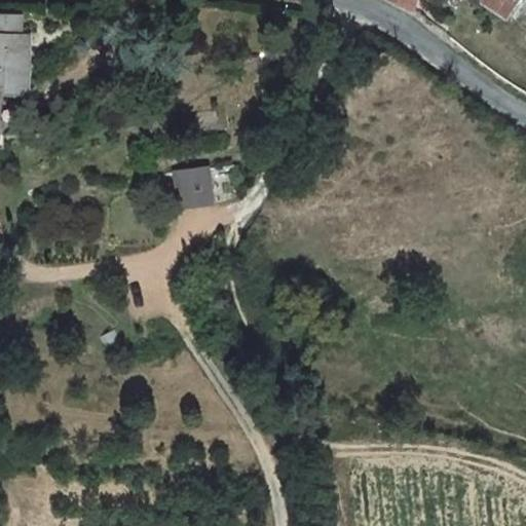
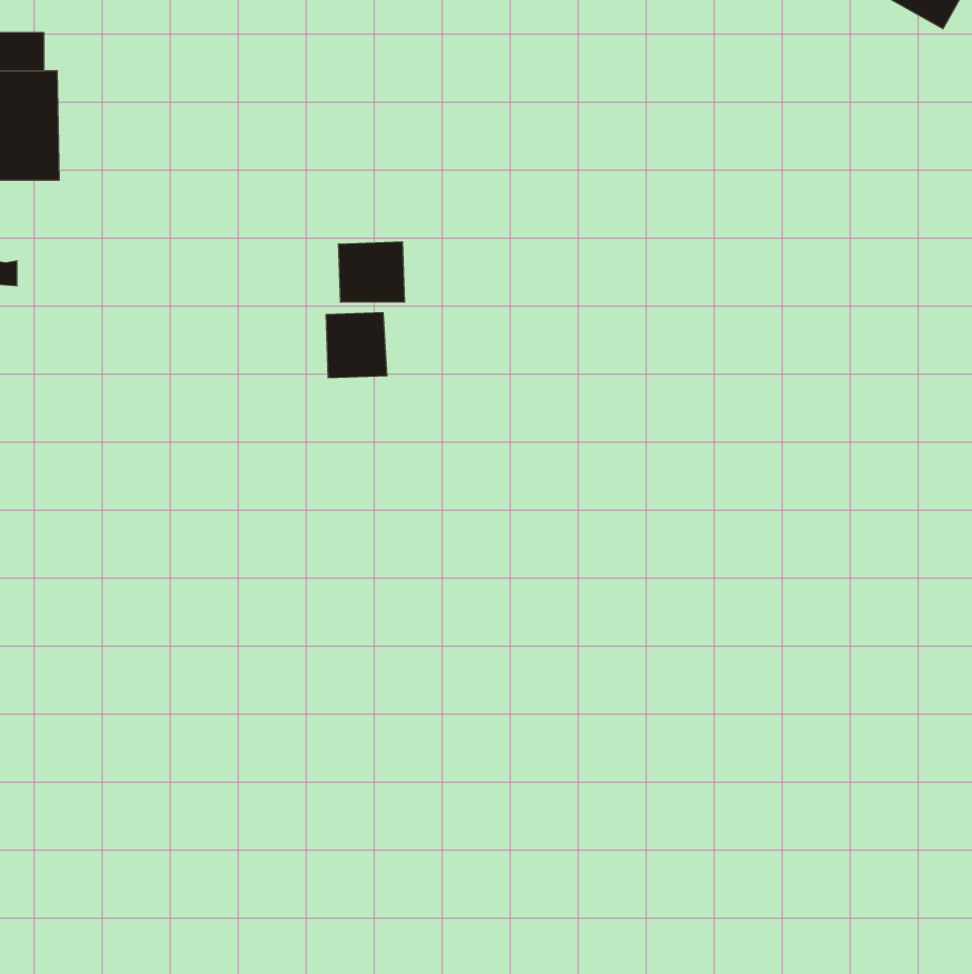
building: none -> [339,242,404,302]

